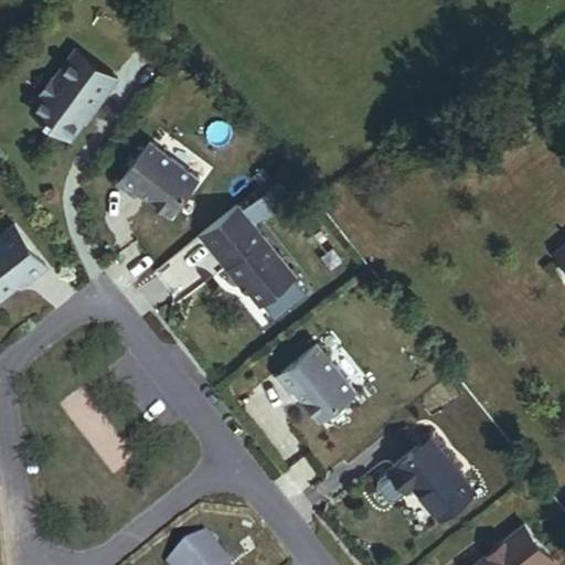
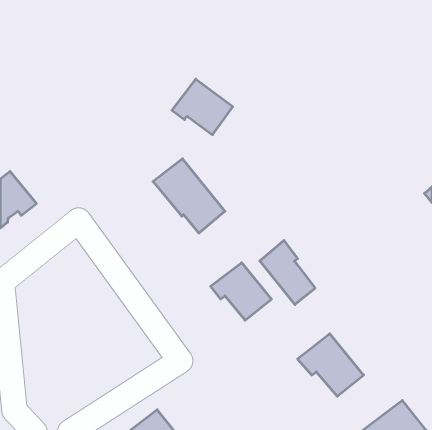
building: [33,51,117,140] -> none
building: [117,143,196,216] -> [172,79,233,135]
building: none -> [260,240,315,305]

